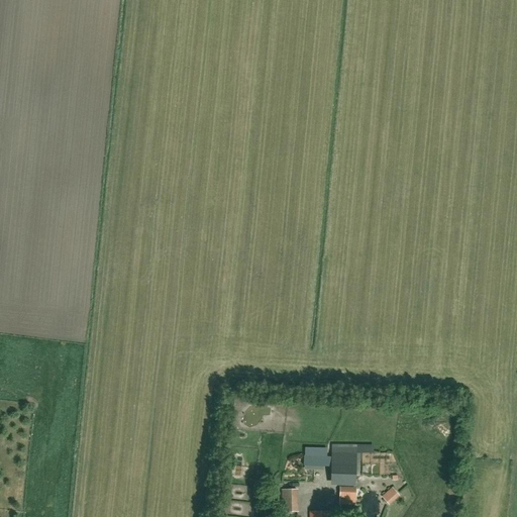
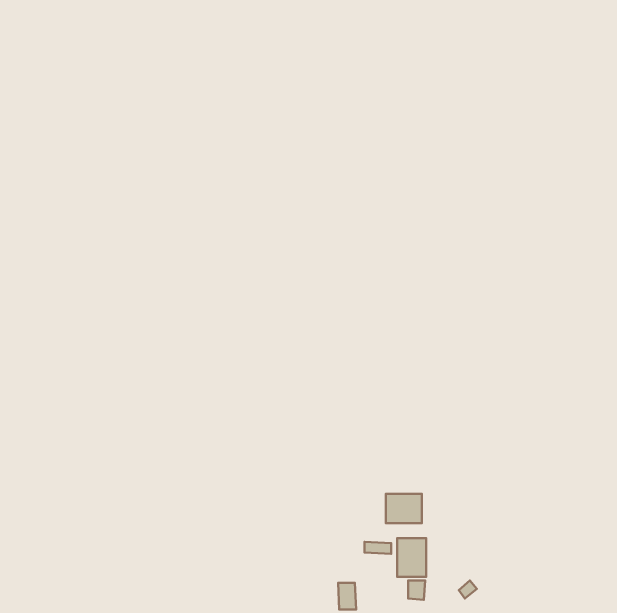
building: none -> [386,494,422,523]

